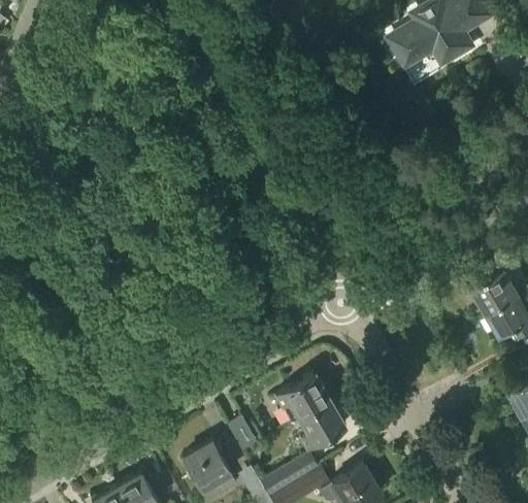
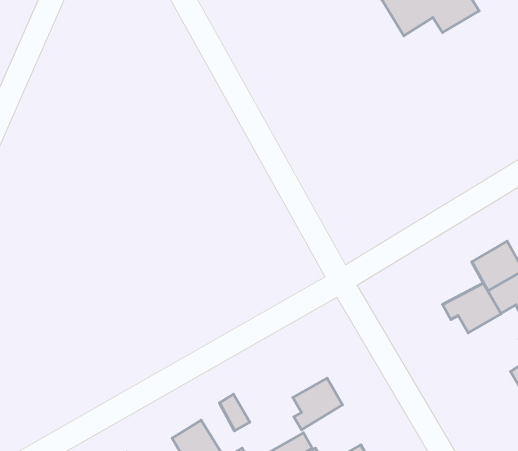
building: none -> [443,283,501,333]
building: [276,373,332,423] -> none

